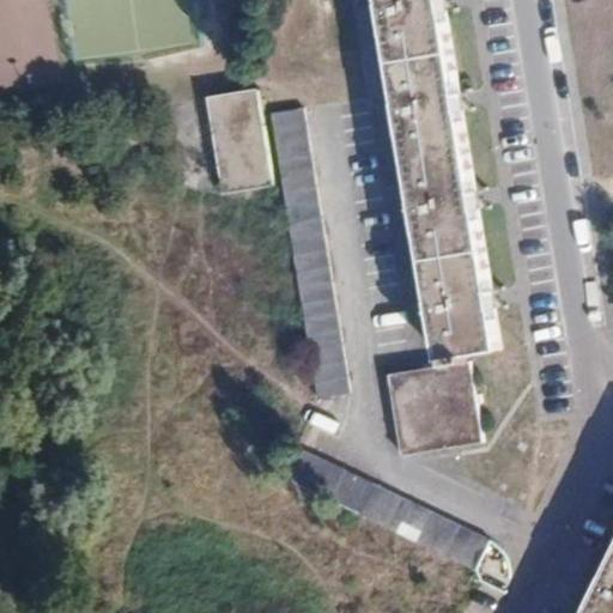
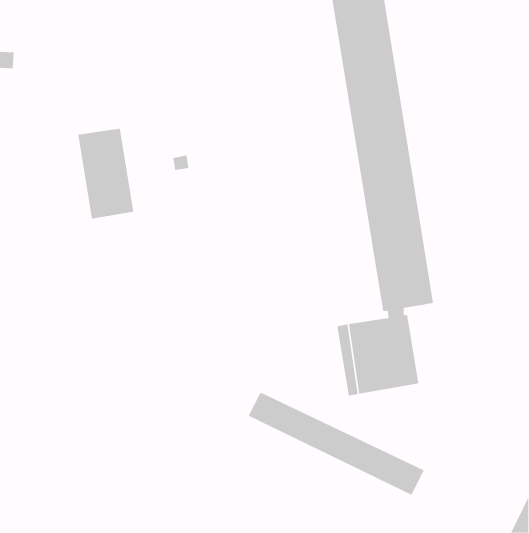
building: [206,89,271,193] -> [78,128,134,219]
building: [268,107,346,396] -> none

